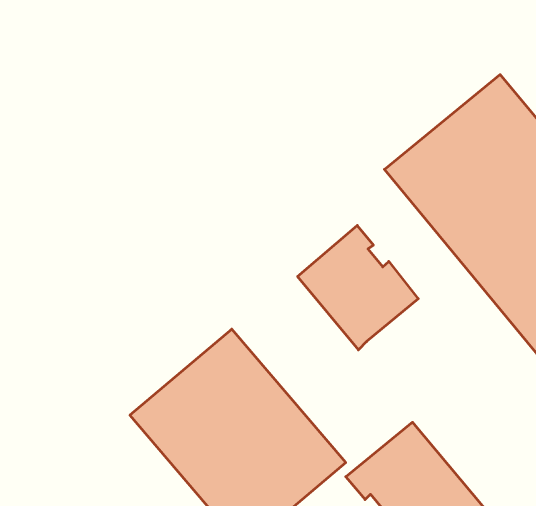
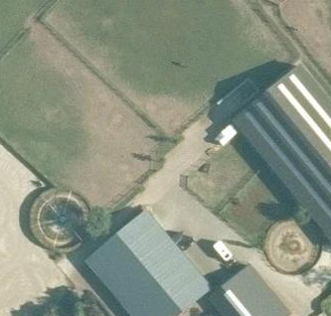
building: [298,225,418,350] -> none

